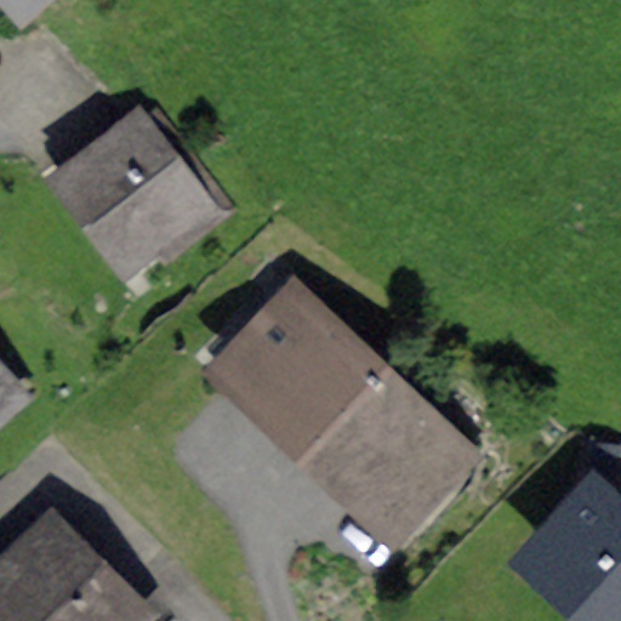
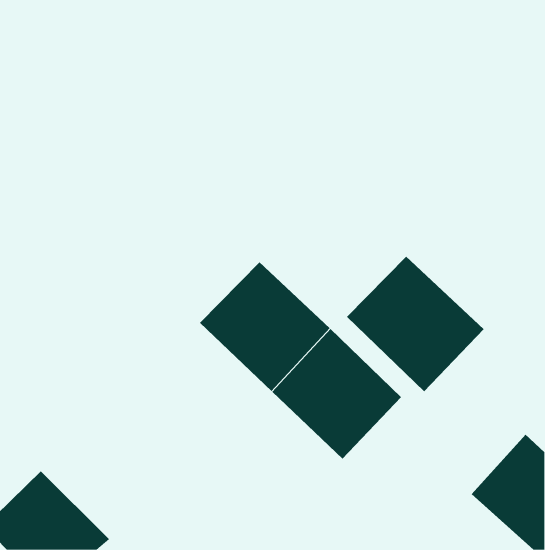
building: [63,112,217,253] -> none
building: none -> [346,256,484,392]

